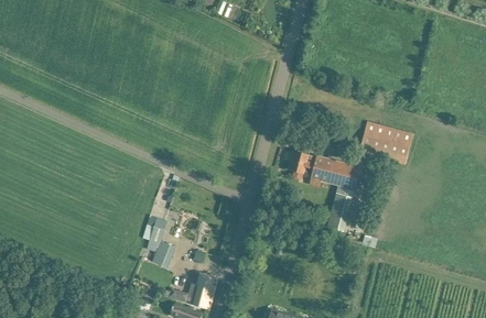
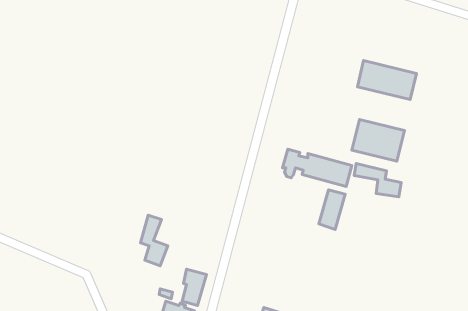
building: none -> [357,61,416,100]
building: none -> [354,163,401,197]

